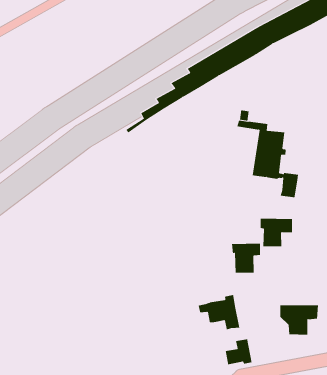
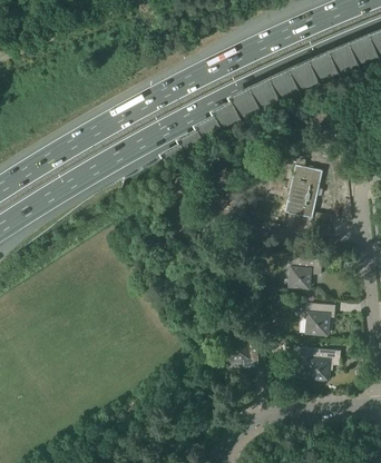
building: [231,243,261,273] -> [305,304,335,336]
building: [225,338,252,365] -> none

